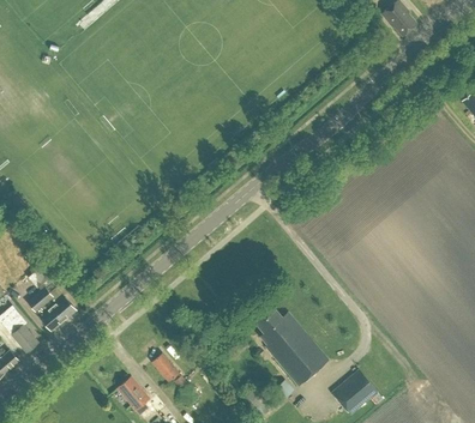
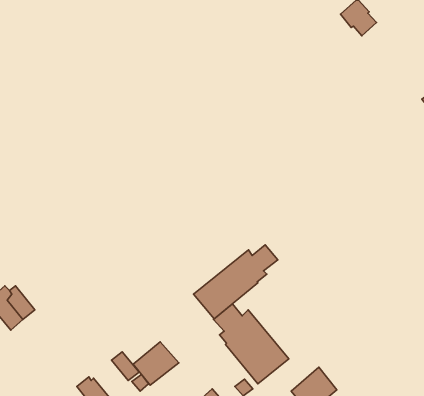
building: none -> [194,245,278,319]
building: none -> [133,342,179,385]

